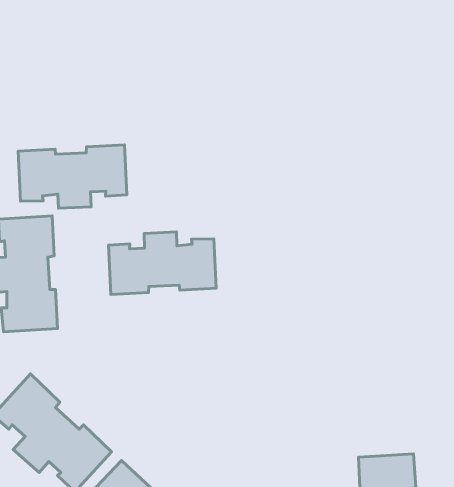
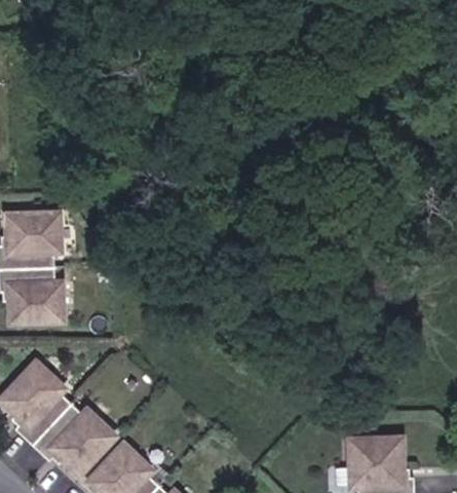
building: [18,145,127,208] -> none
building: [109,232,216,295] -> none

